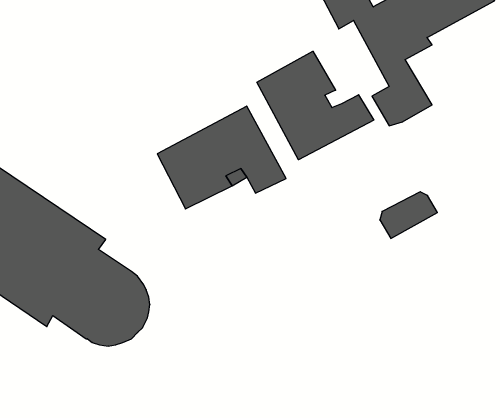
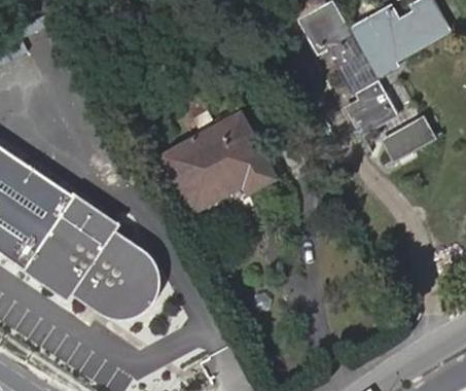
building: [257,51,374,160] -> none
building: [380,192,437,238] -> [385,120,433,159]

